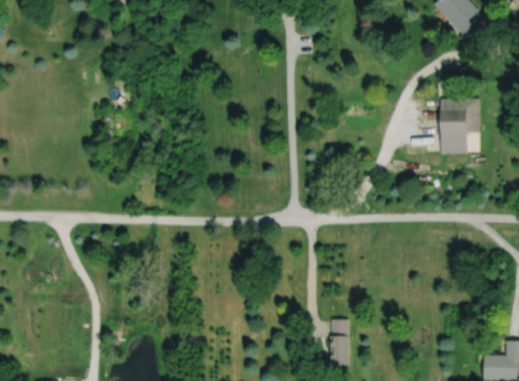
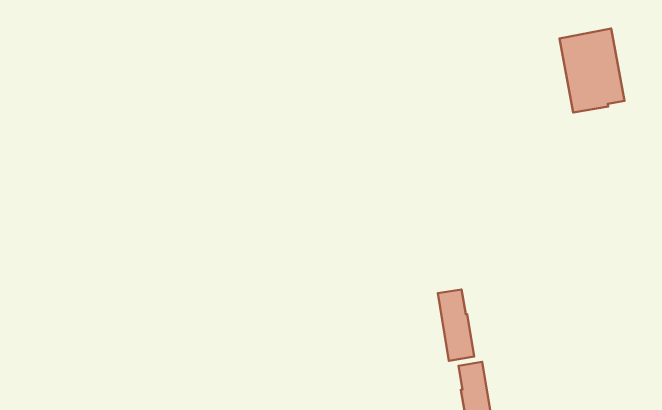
building: none -> [438,289,474,361]

